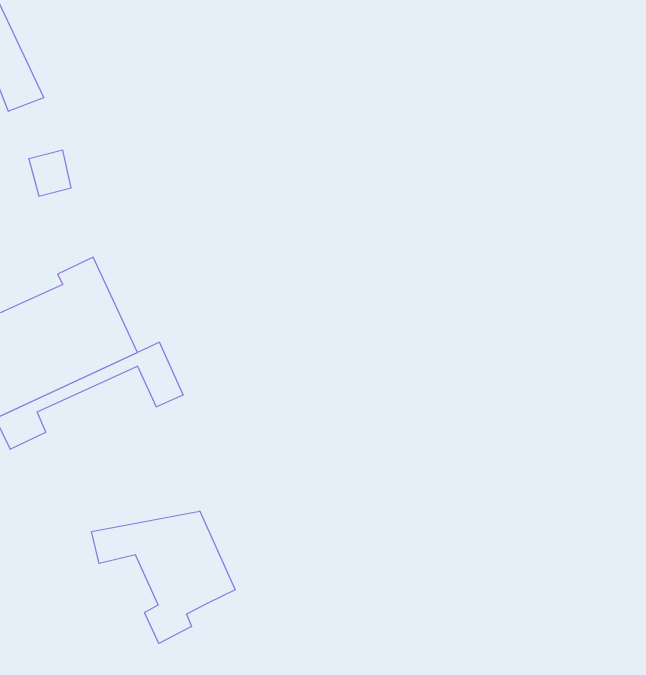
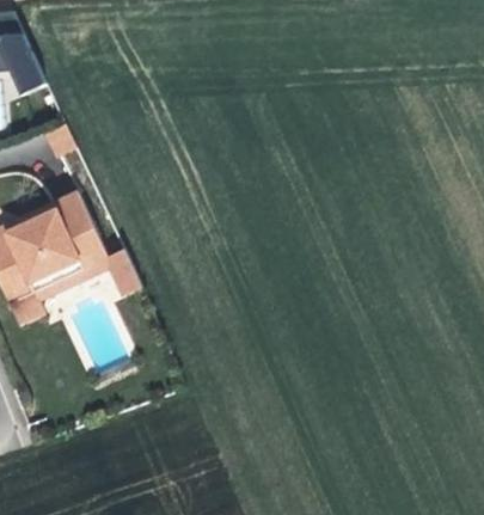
building: [92,511,235,643] -> none

